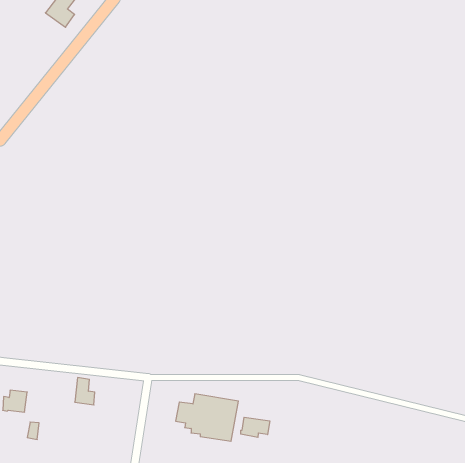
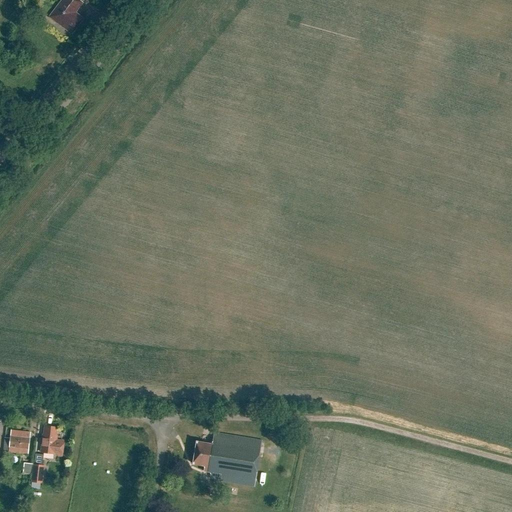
building: [75,378,95,405] -> [41,425,63,455]
building: [241,417,270,437] -> none

